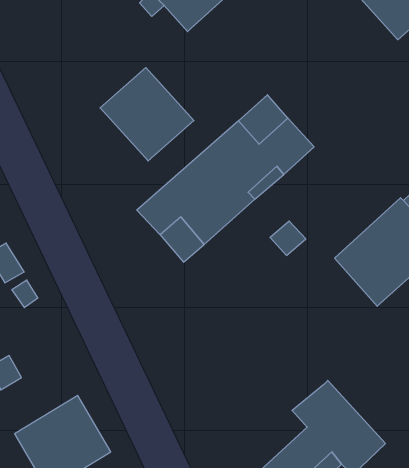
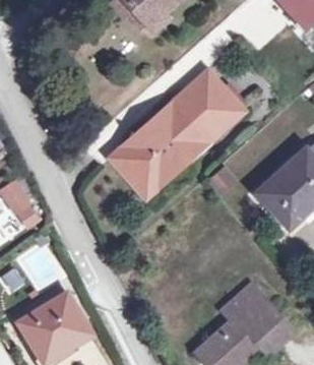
building: [100,68,194,161] -> none

